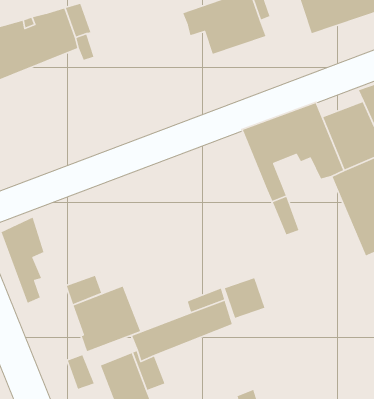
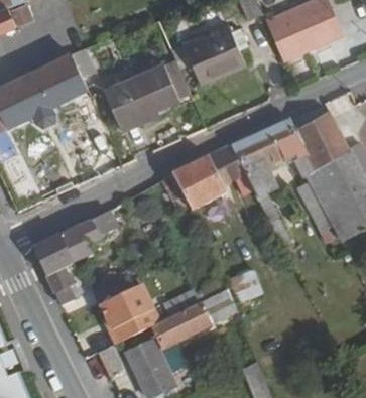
building: none -> [102,61,189,127]
building: none -> [171,145,254,211]
building: none -> [59,202,131,262]

